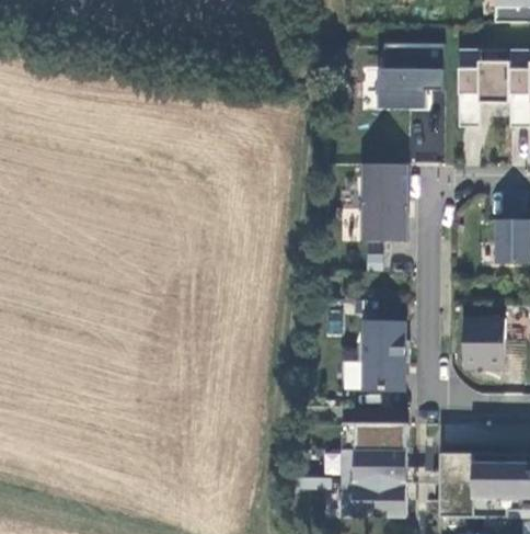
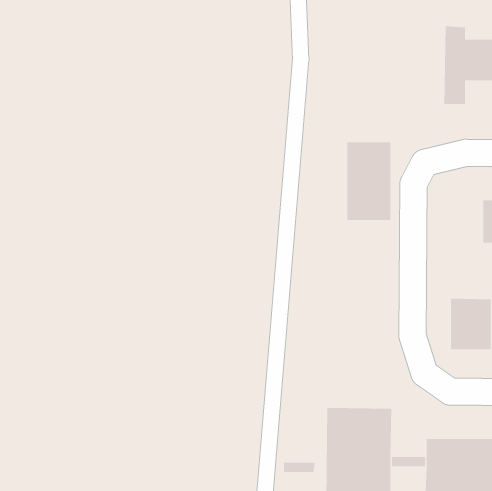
building: [378,43,443,109] -> none
building: [359,320,408,391] -> none

